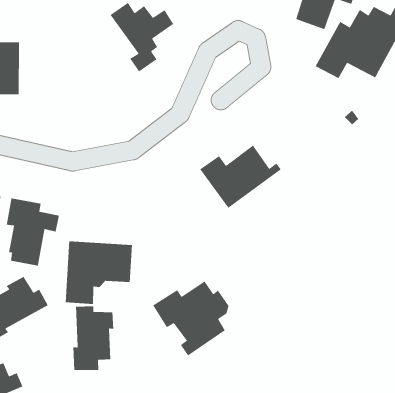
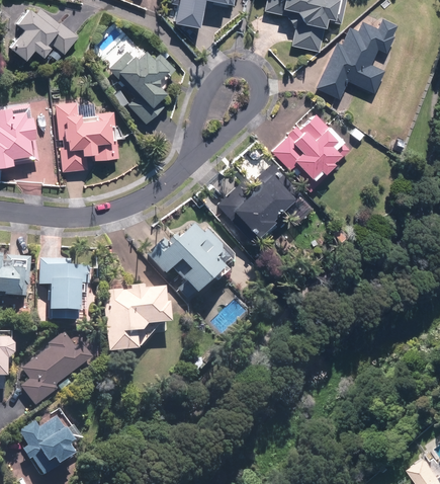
building: none -> [57,104,119,170]
building: none -> [271,112,349,190]
building: [152,280,229,356] -> [146,223,221,299]
building: [73,306,114,371] -> none

